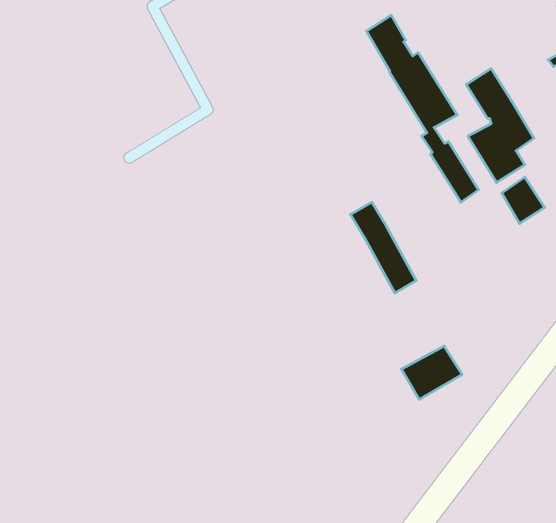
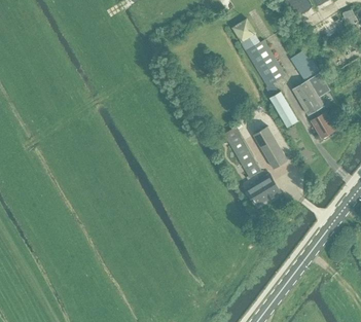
building: none -> [253,127,287,168]
building: [401,346,462,399] -> [245,175,280,206]

